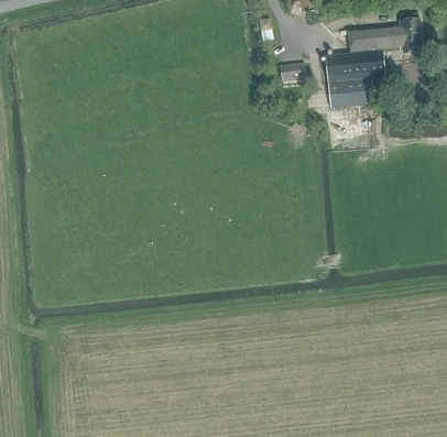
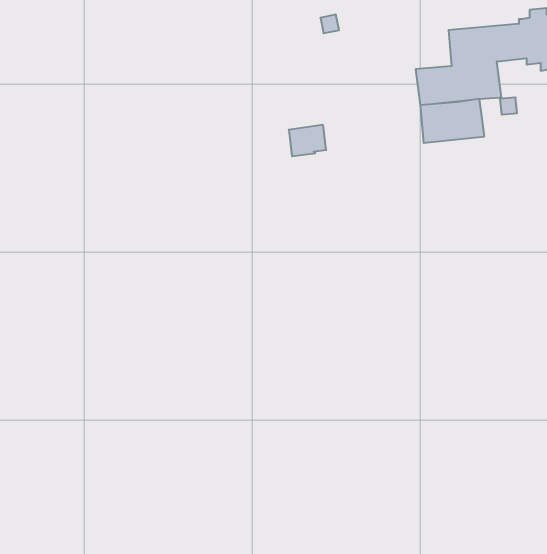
building: [279,63,305,85] -> [289,125,326,156]

